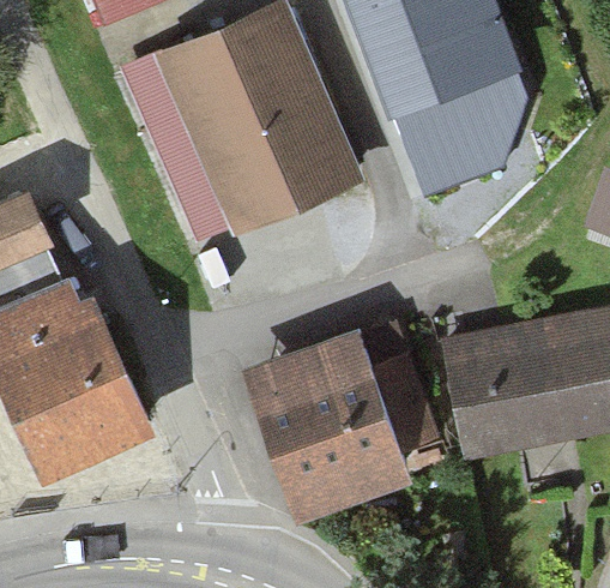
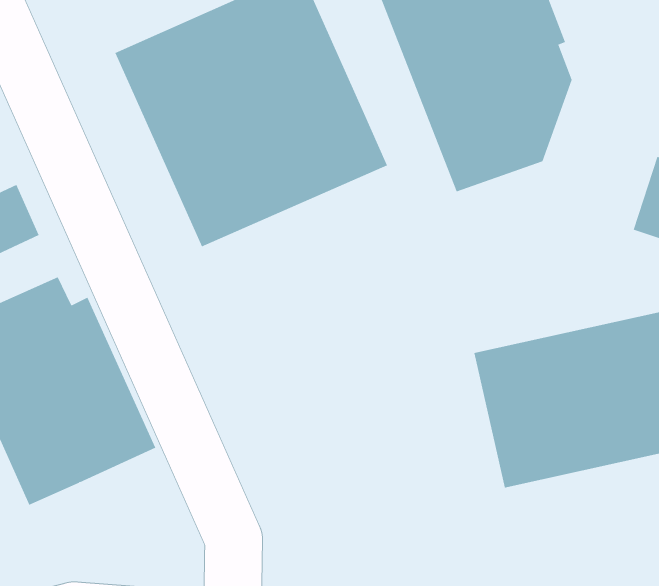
building: [241,325,435,522] -> none

